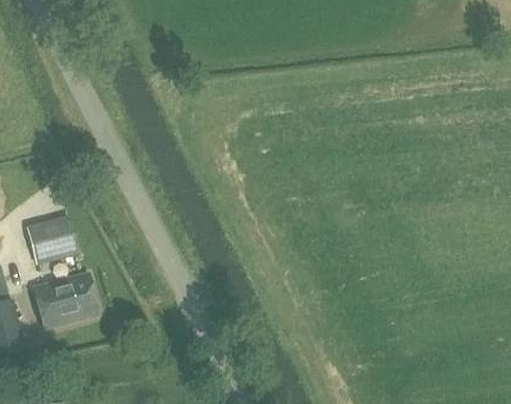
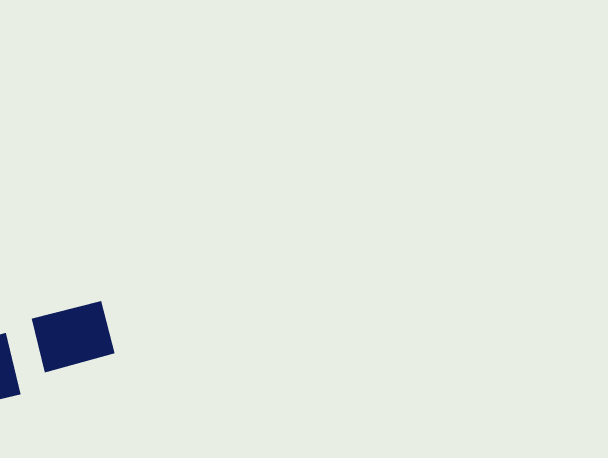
building: [26,213,79,265] -> none

